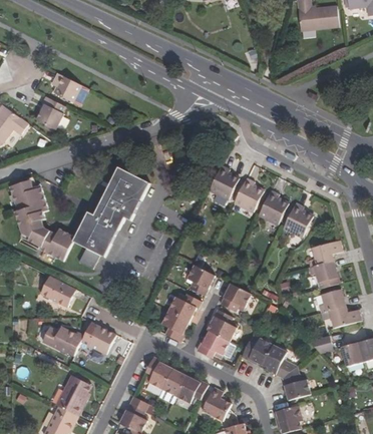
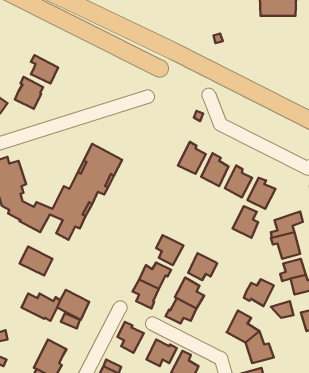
building: none -> [233,206,258,238]
building: [241,337,273,366] -> [244,279,274,306]
building: [161,368,185,396] -> none

